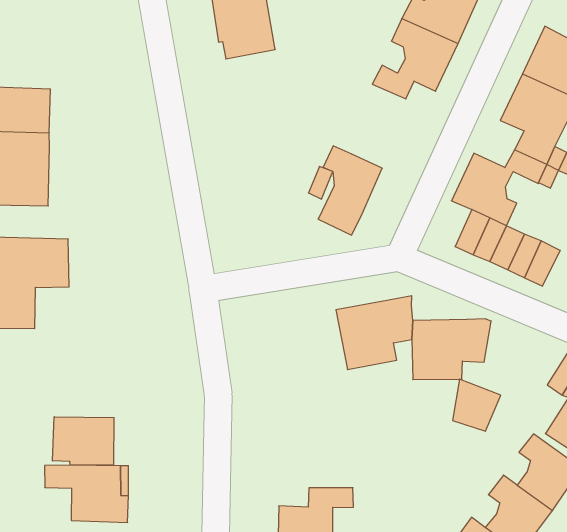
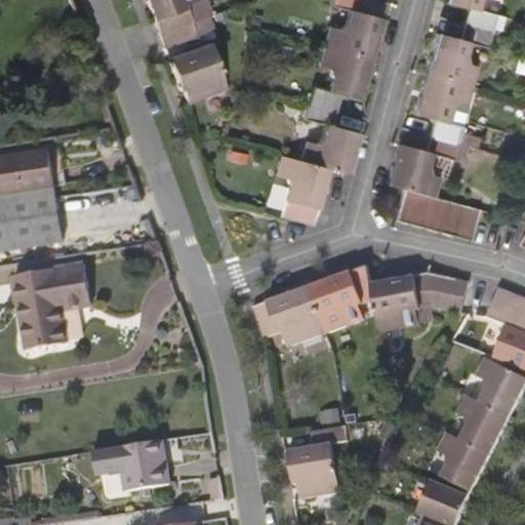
building: none -> [300,100,359,172]
building: none -> [254,285,327,345]
building: [453,379,501,431] -> [435,273,470,311]
building: [53,417,114,465] -> none

